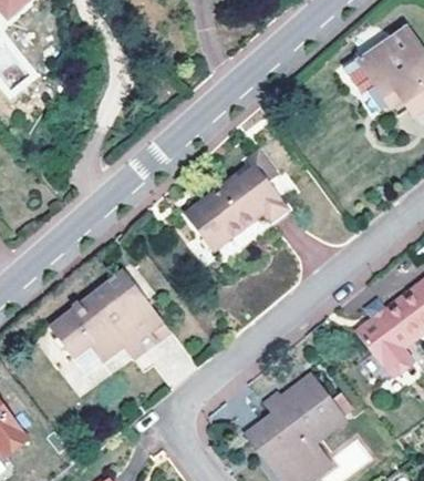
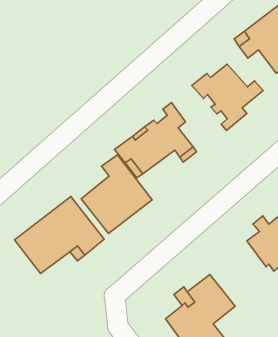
building: none -> [192,64,263,131]
building: none -> [81,155,152,234]

